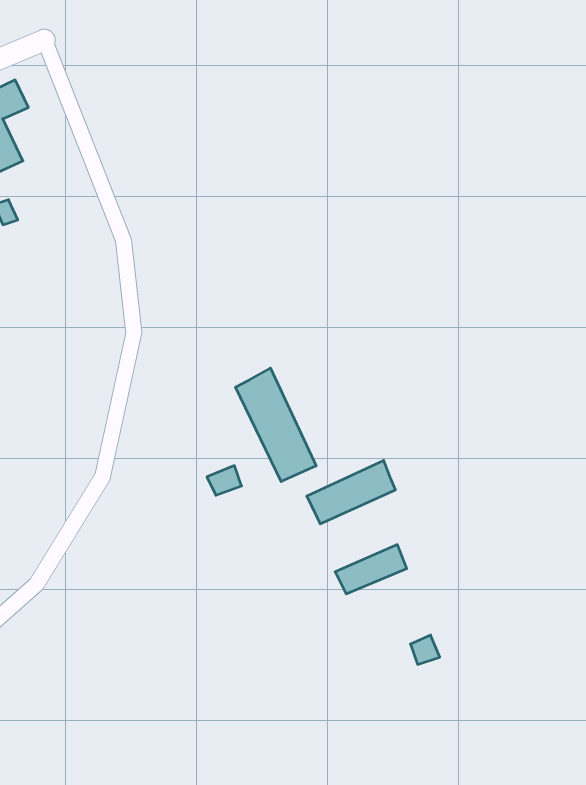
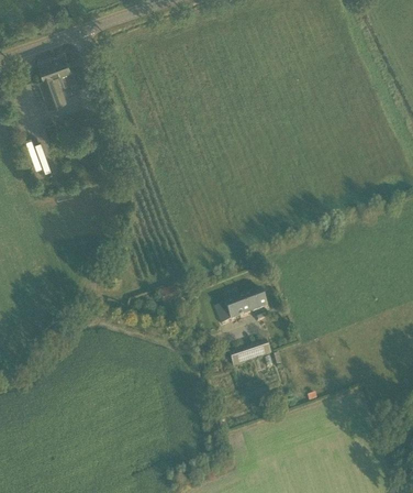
building: [236,368,316,482] -> none

